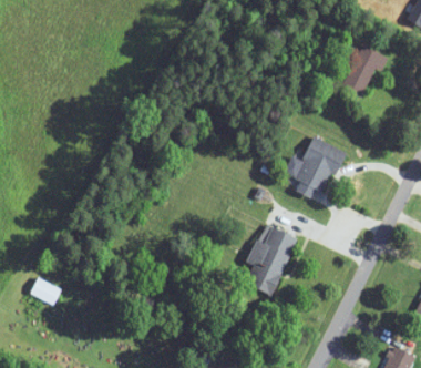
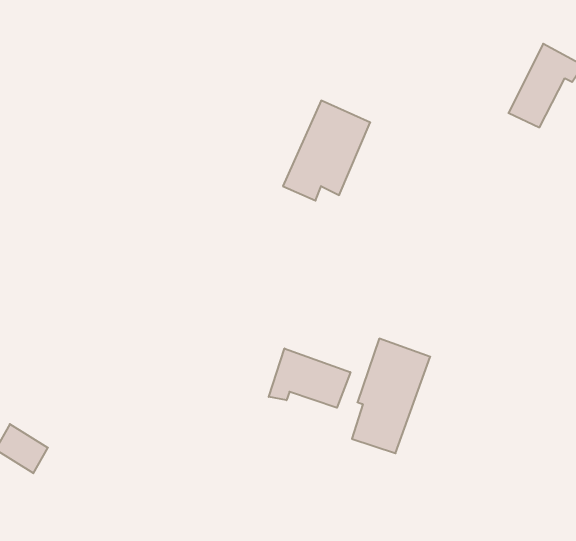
building: [290,136,343,197] -> [283,101,370,201]
building: none -> [269,348,350,408]

